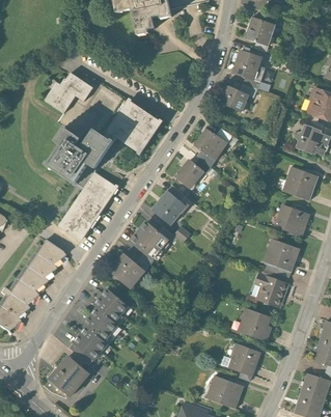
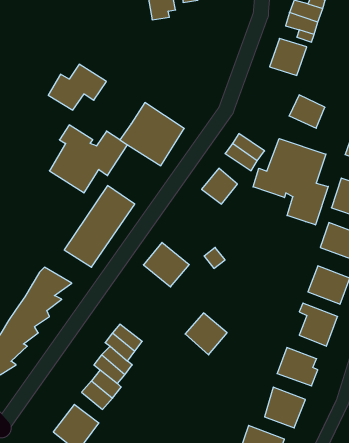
building: [219,84,249,112] -> [289,95,325,128]
building: none -> [253,139,328,225]
building: [150,190,185,224] -> none
building: [108,251,143,286] -> [185,313,227,355]

